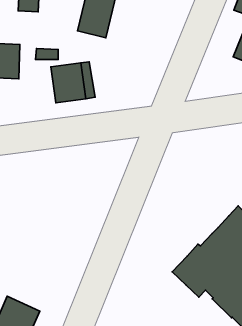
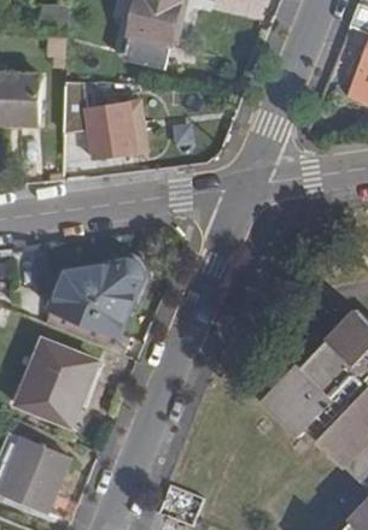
building: none -> [43,260,141,355]
building: none -> [19,341,95,423]

